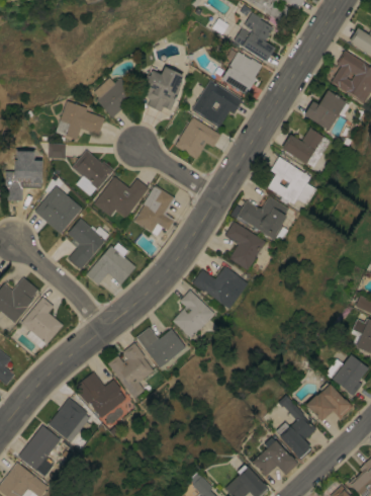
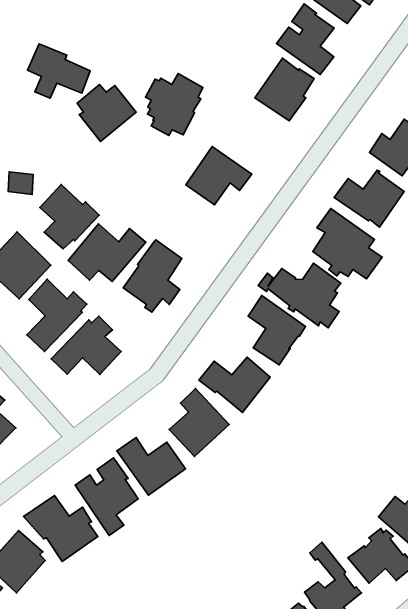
building: [192,81,242,128] -> none
building: [60,101,104,140] -> [28,44,90,98]

